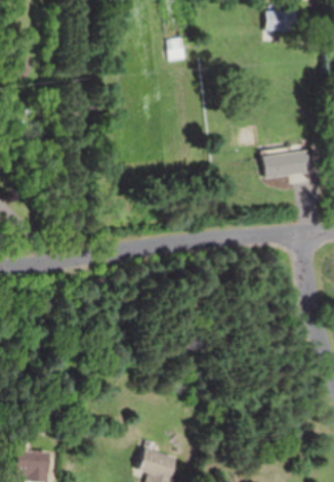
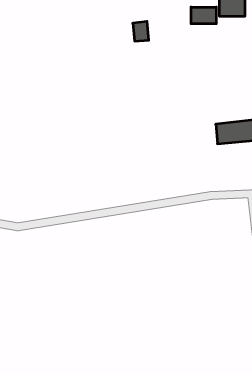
building: none -> [191,7,216,24]

